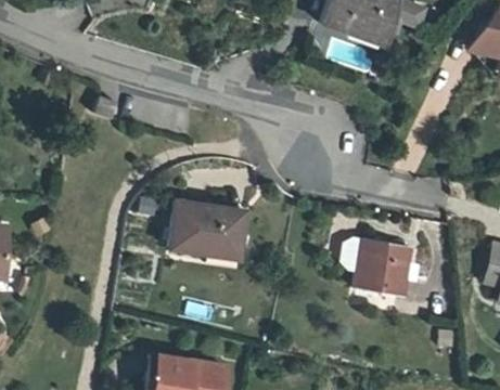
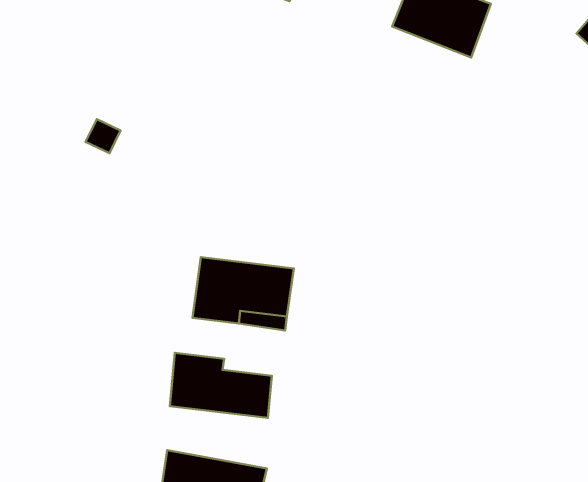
building: [356,231,412,289] -> none
building: none -> [170,353,272,418]

